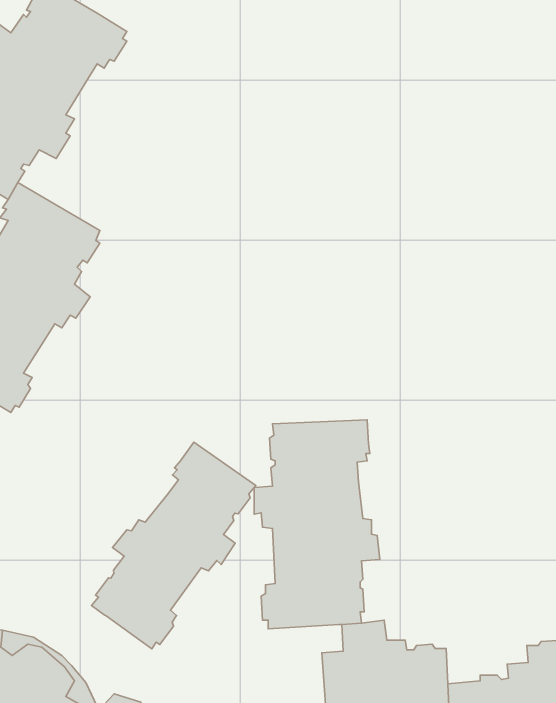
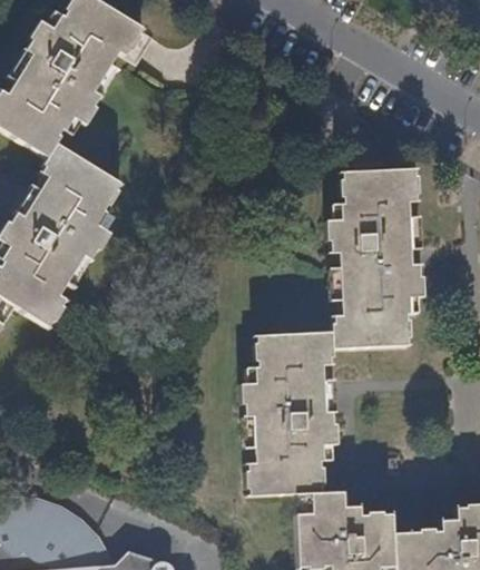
building: none -> [323,167,423,351]
building: [92,442,256,649] -> none

